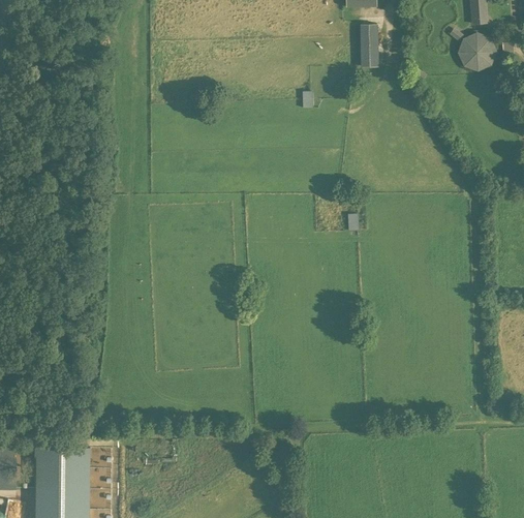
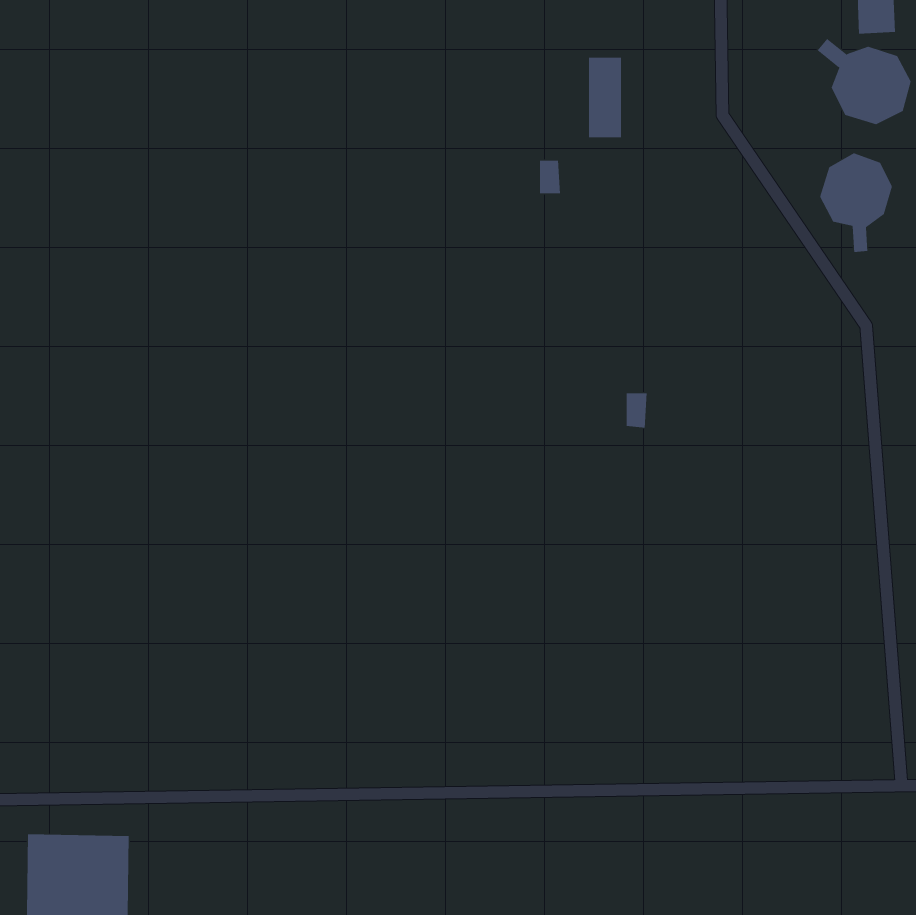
building: [360,23,377,65] -> [588,57,622,138]
building: none -> [820,153,892,253]

